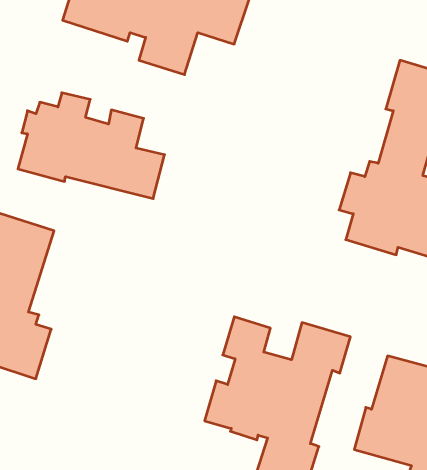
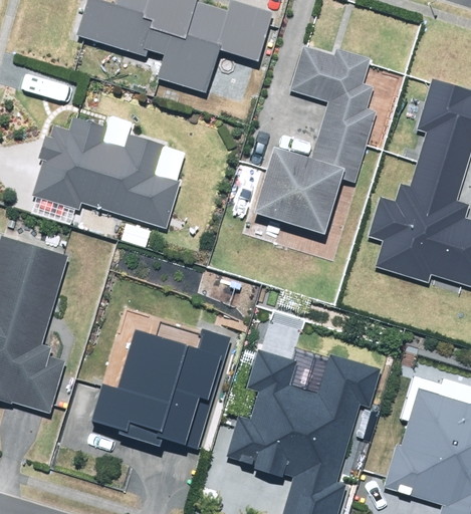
building: none -> [253,45,377,235]
building: none -> [91,330,229,450]

